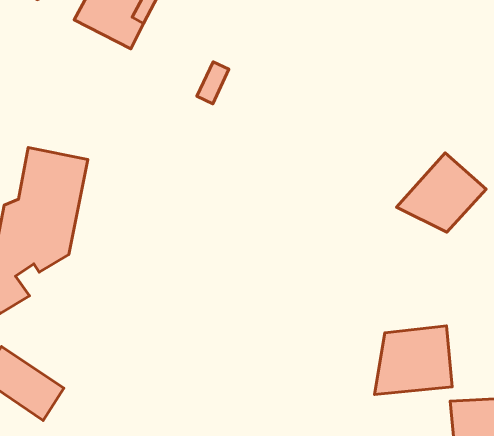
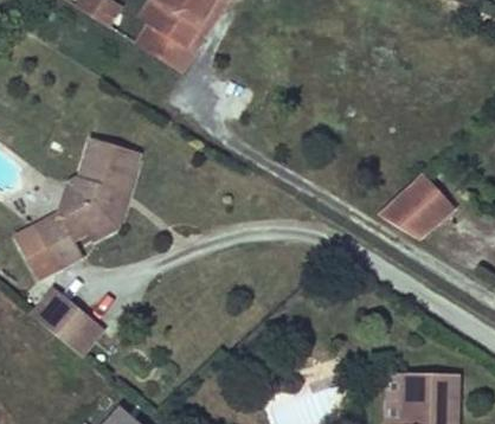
building: [375,326,452,395] -> none

